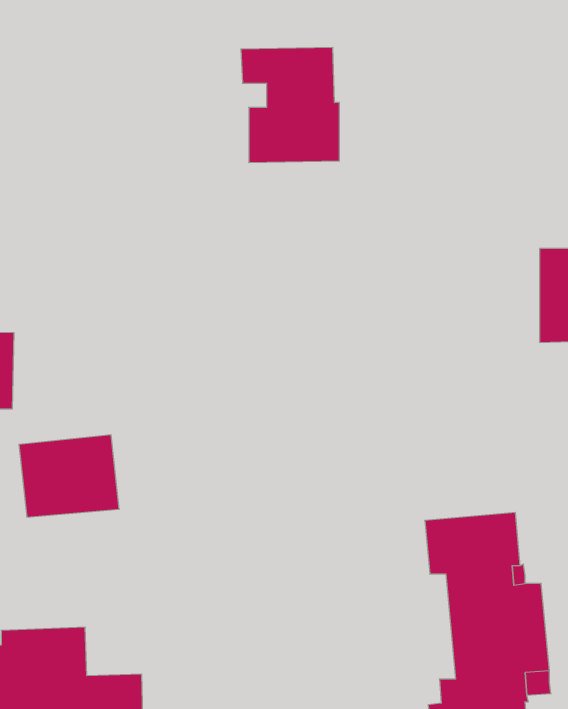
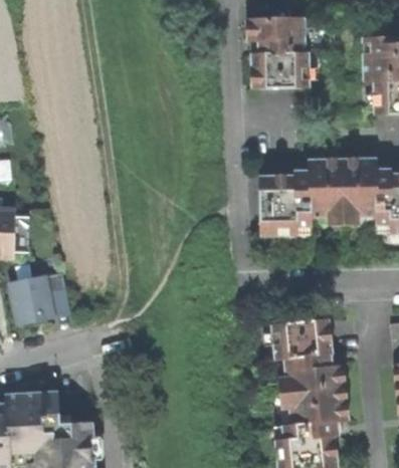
building: [241,48,339,163] -> [245,17,307,88]
building: none -> [258,157,342,235]

